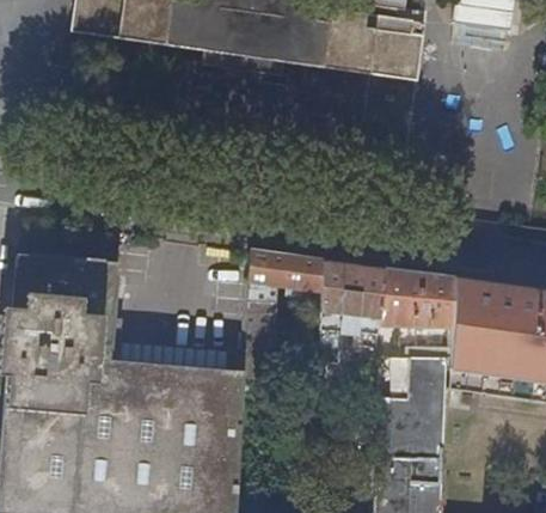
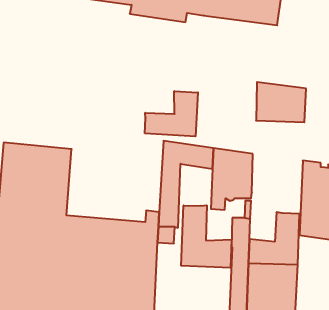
building: none -> [145,91,198,136]
building: [380,268,453,326] -> [256,82,306,122]
building: none -> [181,205,232,268]

